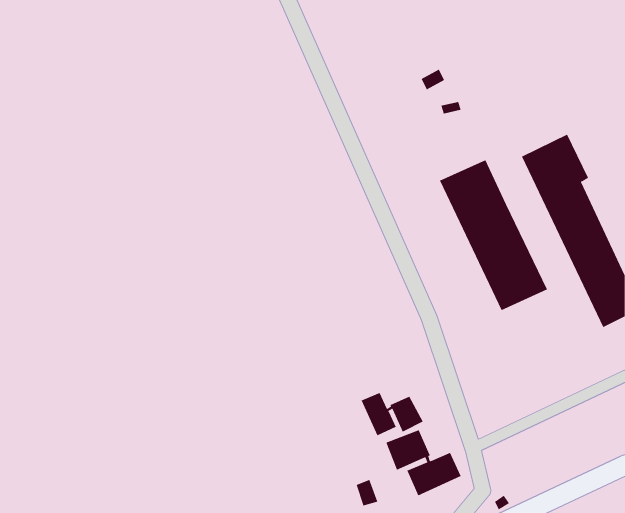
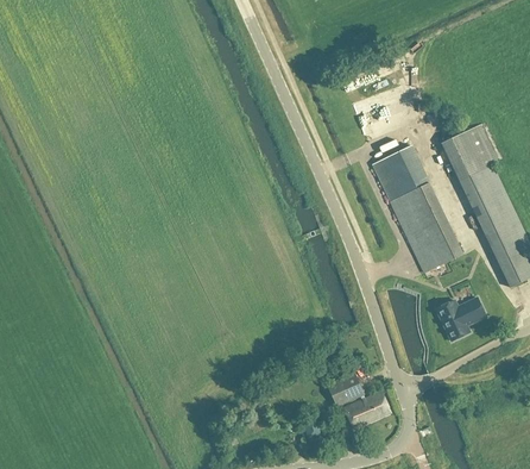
building: none -> [436,298,486,340]
building: [361,392,423,436] -> none

